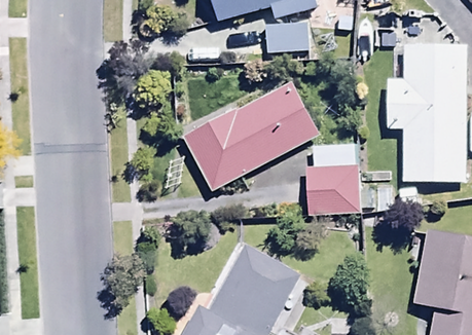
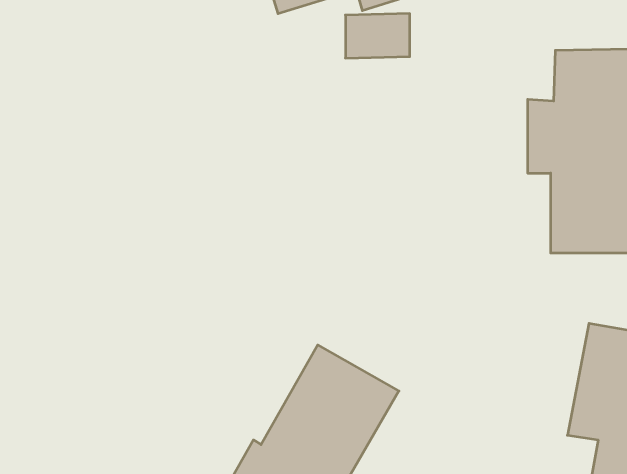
building: [186,83,319,190] -> none
building: [307,144,359,215] -> none

